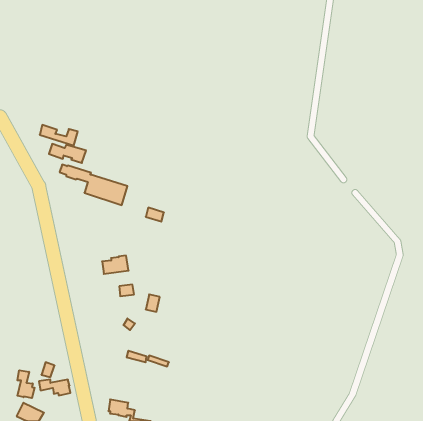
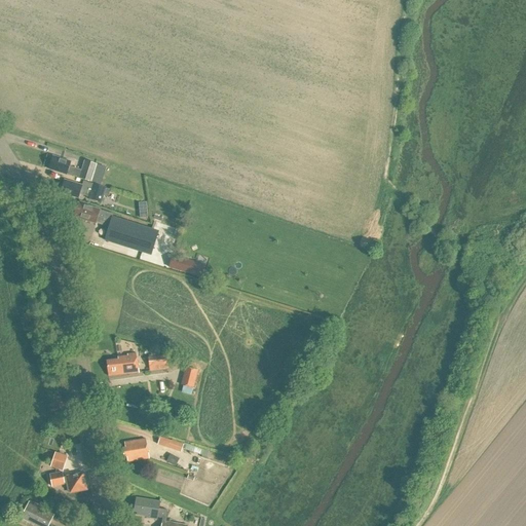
building: [102,256,129,274] -> [106,351,139,374]
building: none -> [122,437,149,460]
building: [17,370,35,398] -> none

